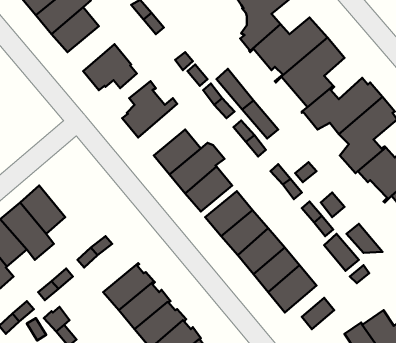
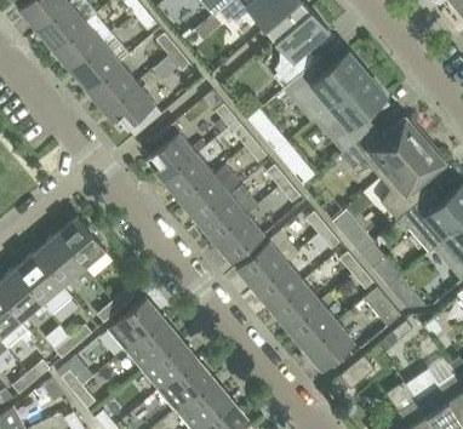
building: none -> [86,63,137,111]
building: none -> [162,154,213,202]
building: none -> [56,217,105,269]
building: none -> [108,298,162,350]

